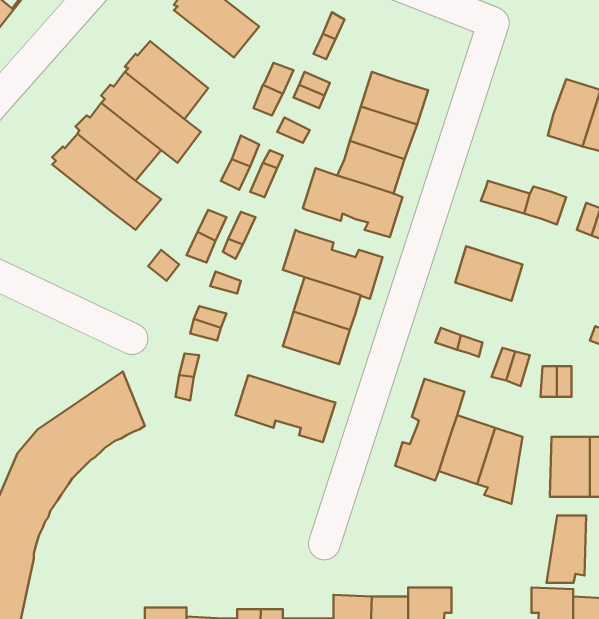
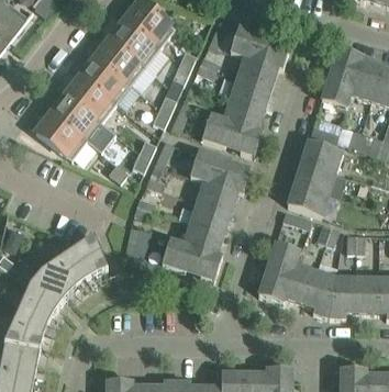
building: none -> [110,18,170,72]
building: none -> [230,26,291,67]
building: none -> [321,46,363,107]
building: none -> [36,111,87,158]
building: none -> [301,138,342,171]
building: none -> [287,182,329,214]
building: none -> [184,221,224,254]
building: [546,516,586,583] -> [329,276,353,316]

